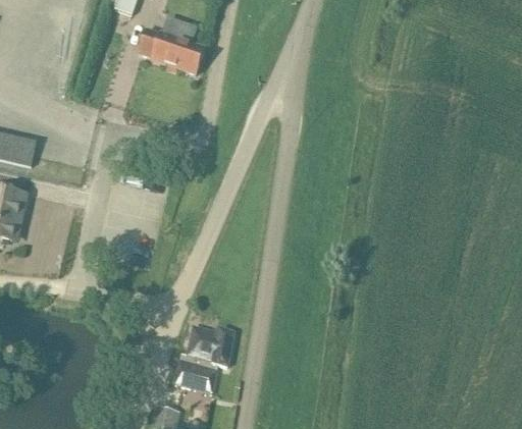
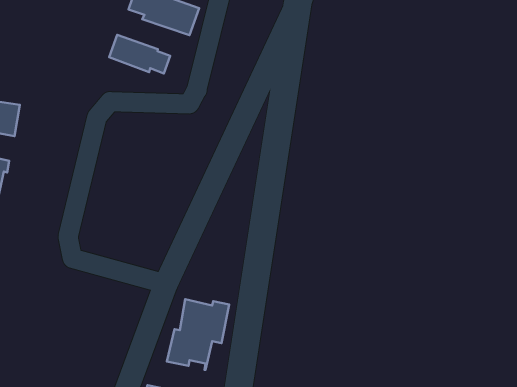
building: none -> [109,35,170,74]

